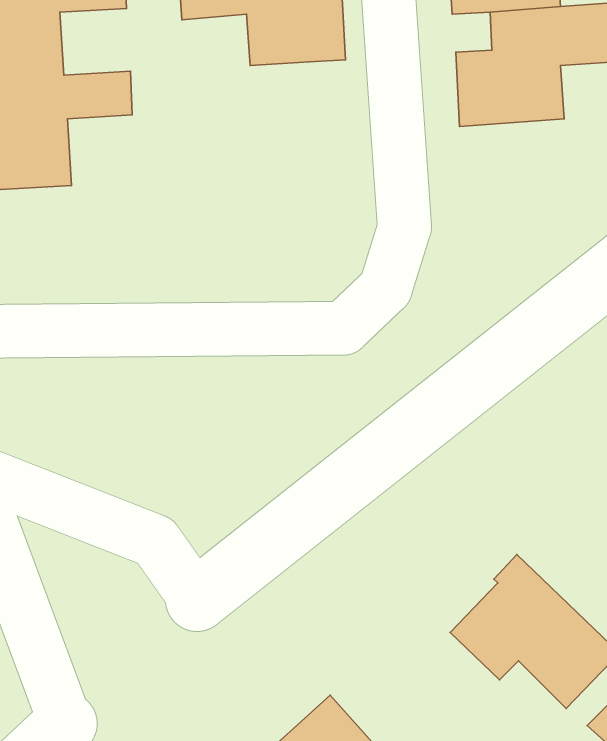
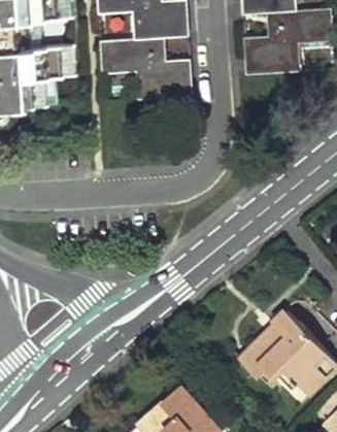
building: none -> [101,41,194,104]

